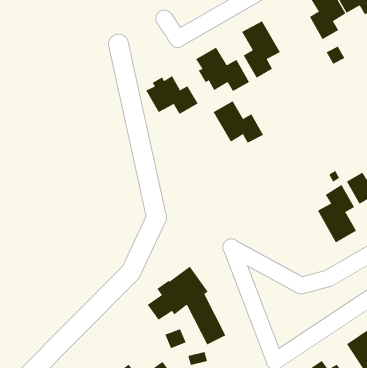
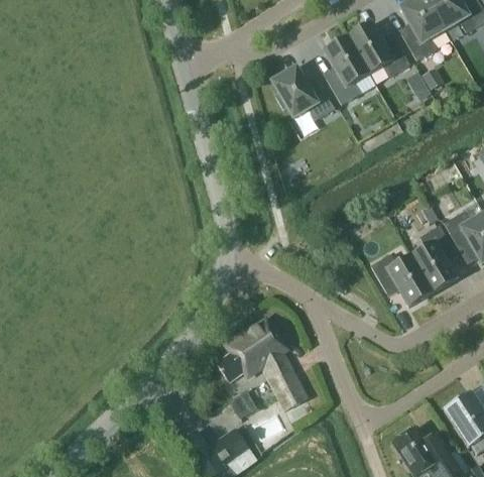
building: none -> [348,23,409,76]
building: [146,75,199,115] -> none
building: [213,101,264,144] -> none
building: none -> [370,254,432,306]

